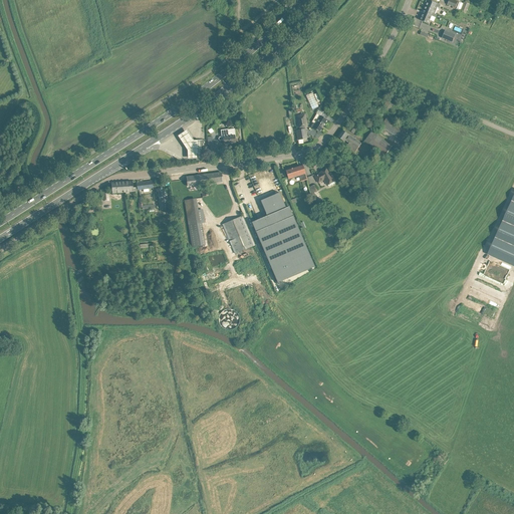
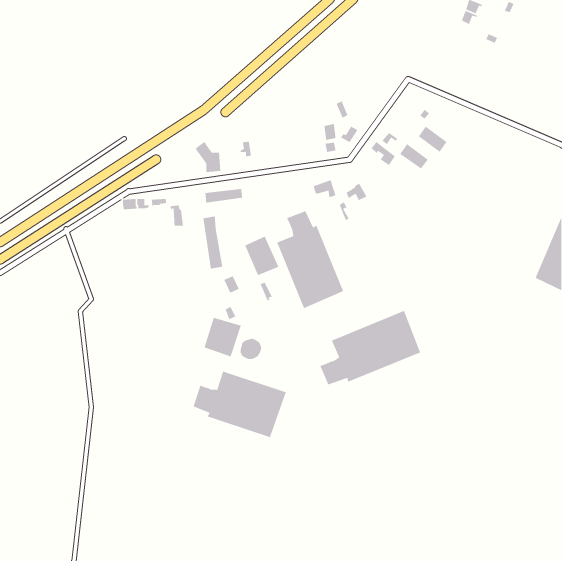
building: none -> [319,310,421,386]
building: none -> [203,317,242,358]
building: none -> [193,371,287,438]

